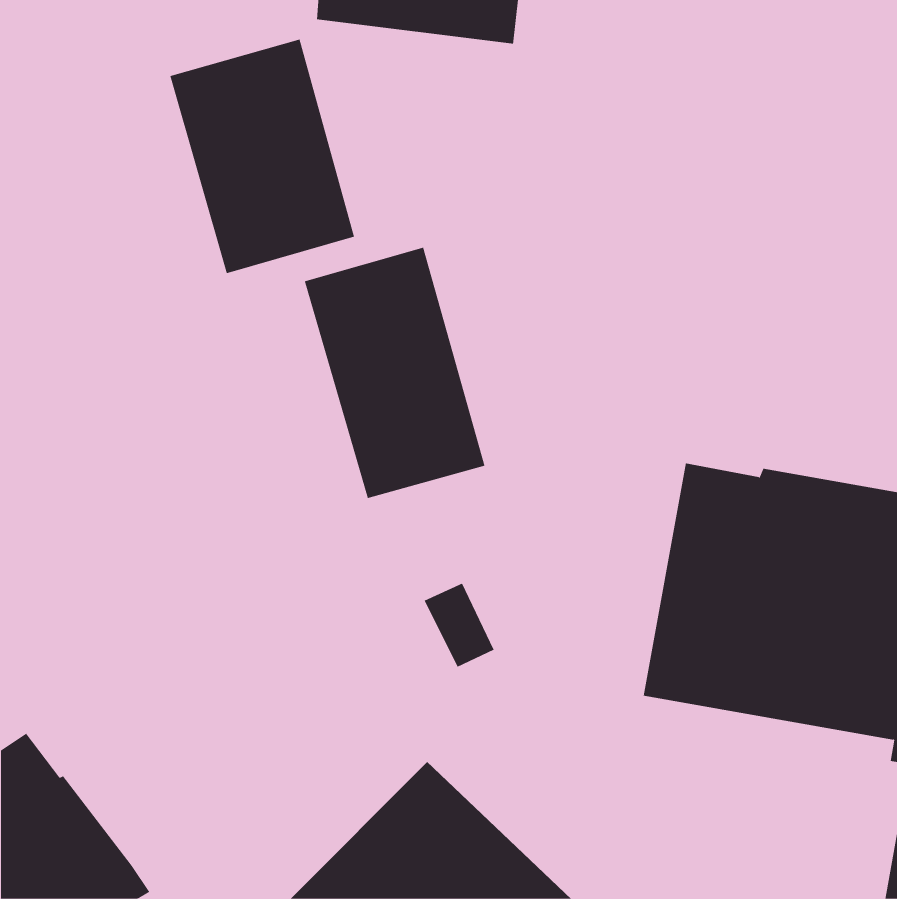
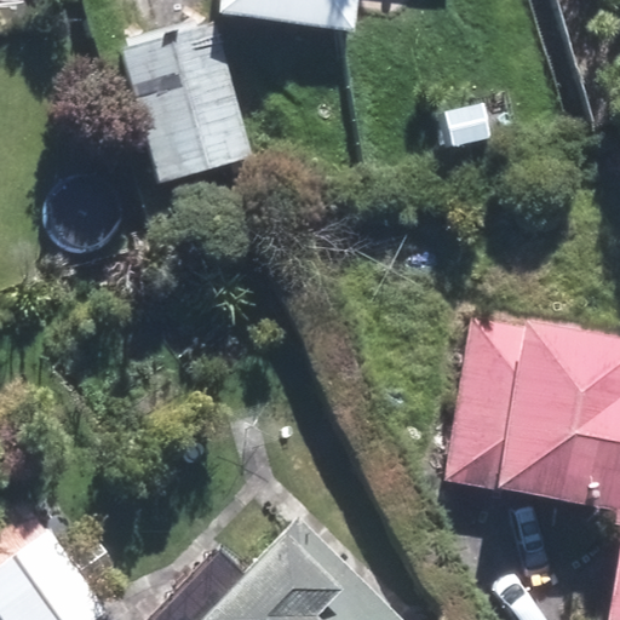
building: [304,247,485,499] -> none

